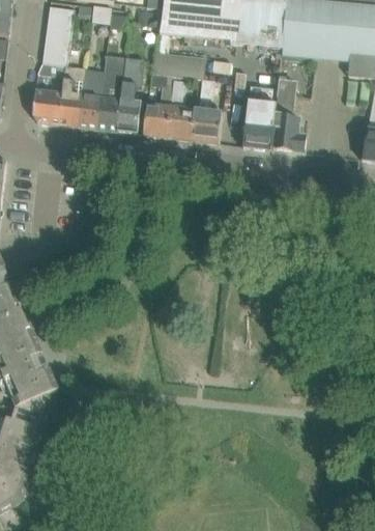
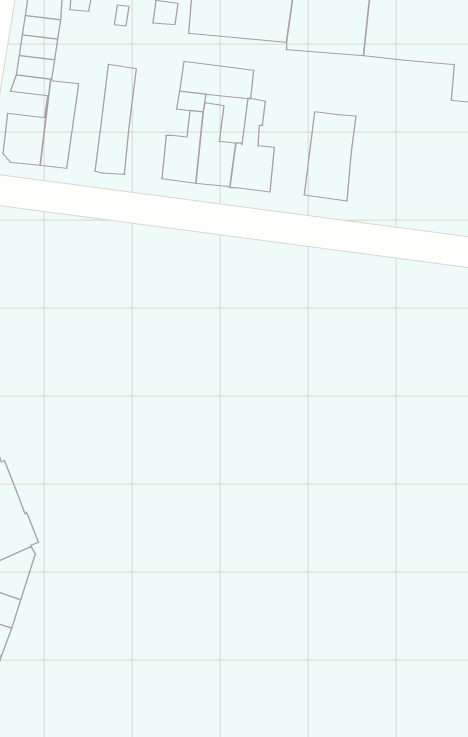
building: [117,53,145,134] -> none
building: [77,69,103,129] -> none
building: [272,78,306,152] -> none

